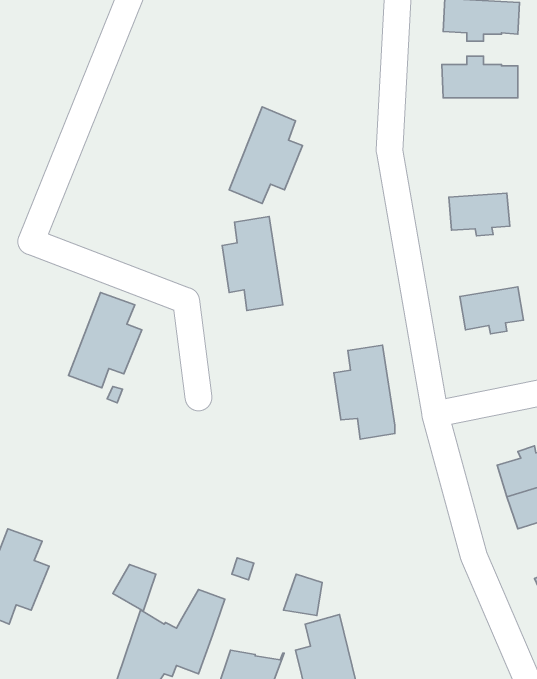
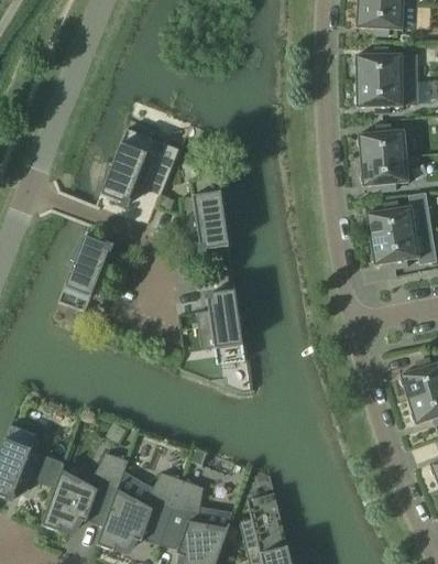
building: none -> [358,80,417,113]
building: [229,107,302,204] -> [101,128,160,205]
building: none -> [359,124,408,160]
building: none -> [368,202,417,239]
building: [334,345,395,439] -> [197,290,245,365]
building: [284,574,322,616] -> [174,480,205,513]
building: none -> [42,465,99,531]

